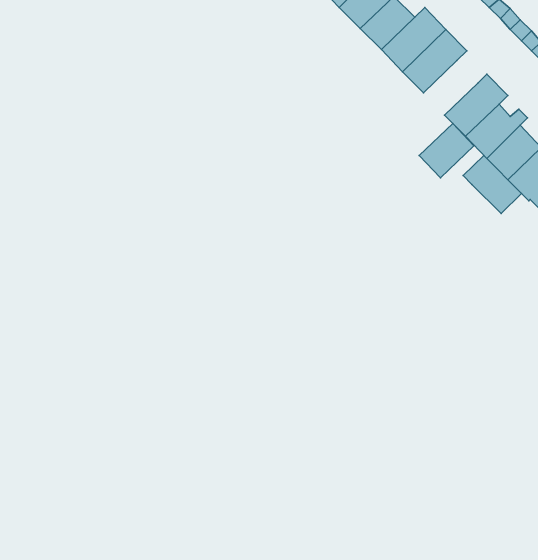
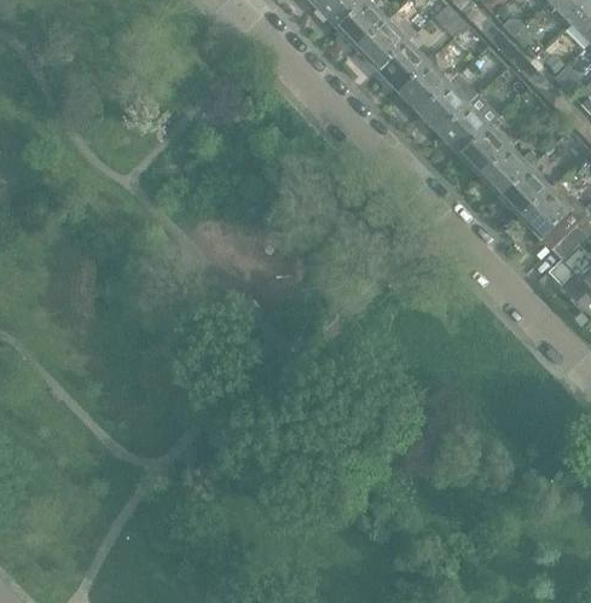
building: [419,123,474,178] -> [438,102,491,155]
building: [463,156,522,213] -> none

